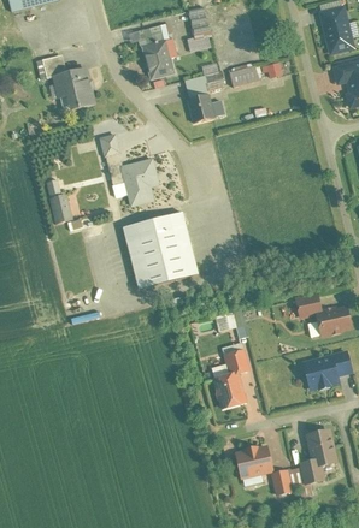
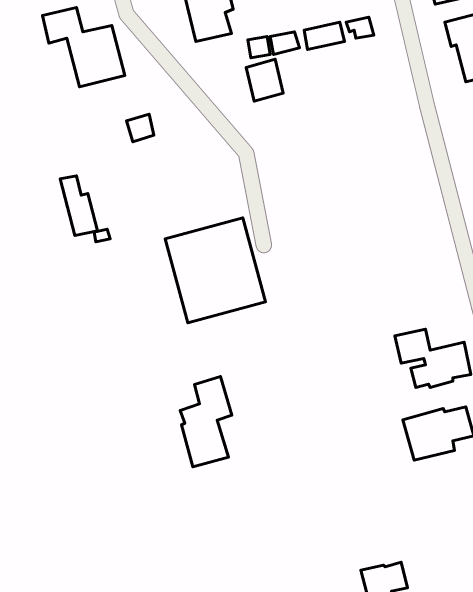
building: [120,156,161,206] -> none
building: [212,342,251,409] -> [180,376,232,467]
building: [300,429,340,483] -> none
building: [236,445,275,477] -> none

